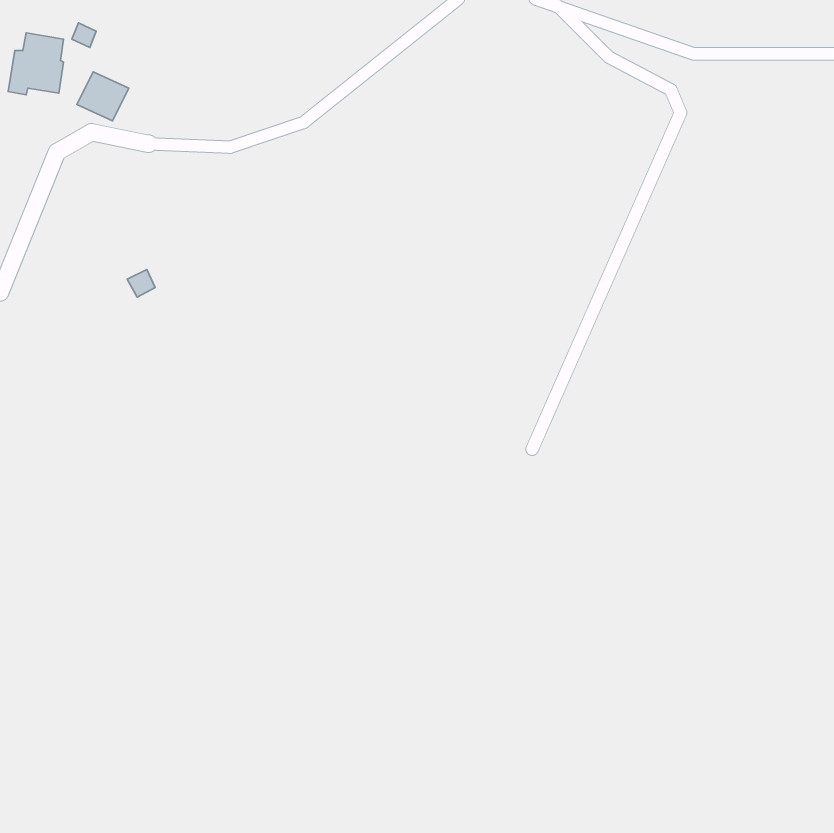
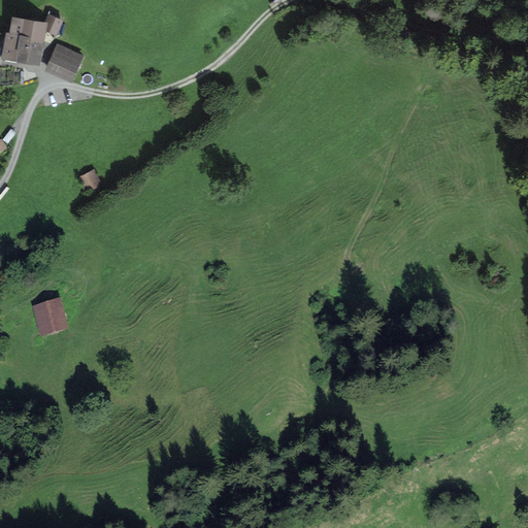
building: none -> [38,303,65,331]

